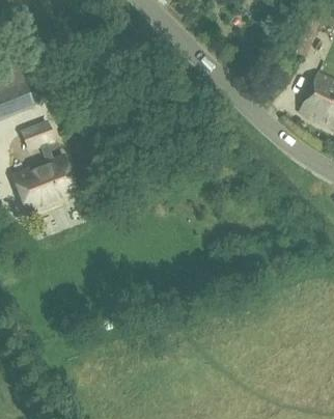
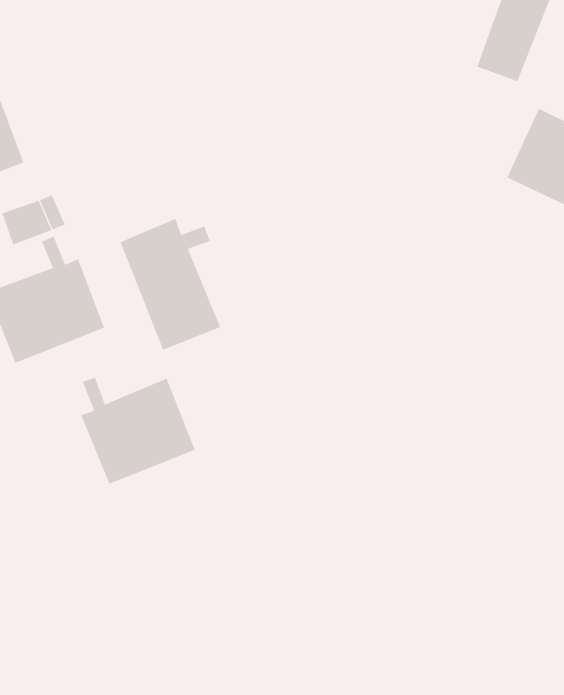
building: none -> [120,218,221,351]
building: none -> [81,377,196,484]

